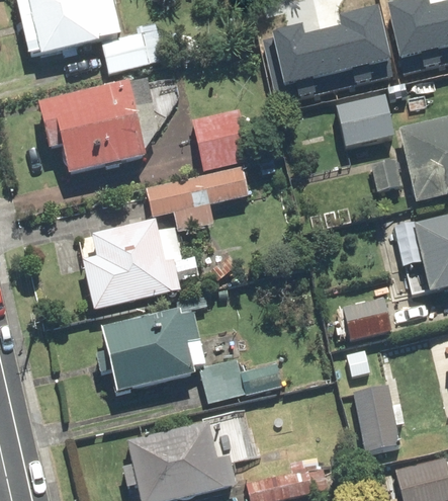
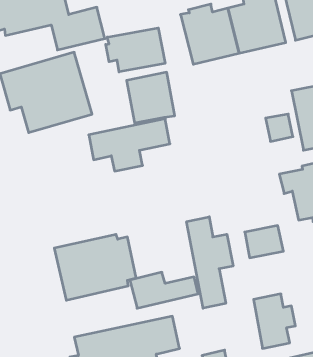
building: none -> [106,28,165,72]
building: [337,94,394,146] -> none
building: [81,219,181,311] -> none
building: none -> [187,217,233,308]

